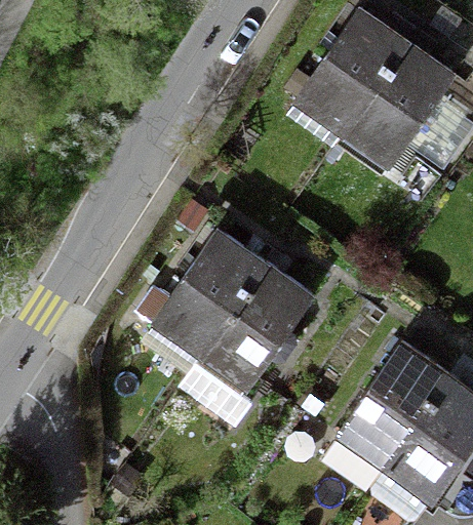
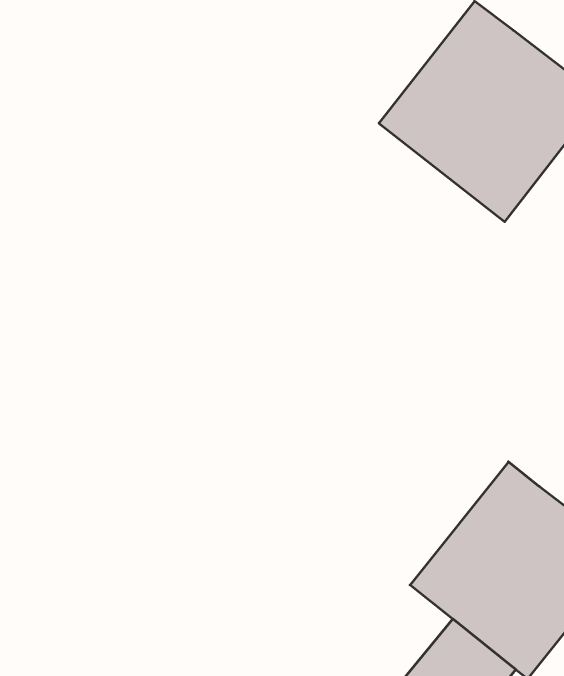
building: [156,235,314,393] -> none

